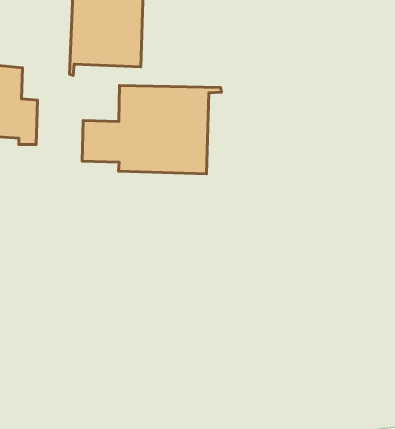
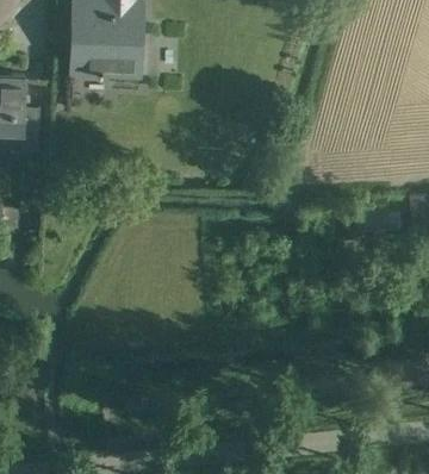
building: [82,85,222,174] -> none

